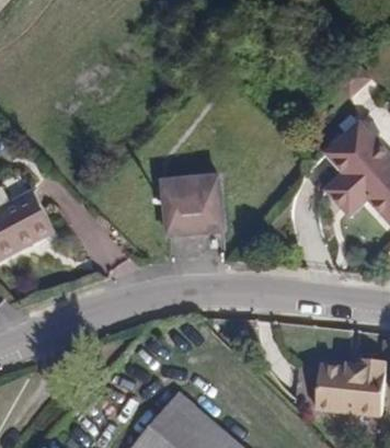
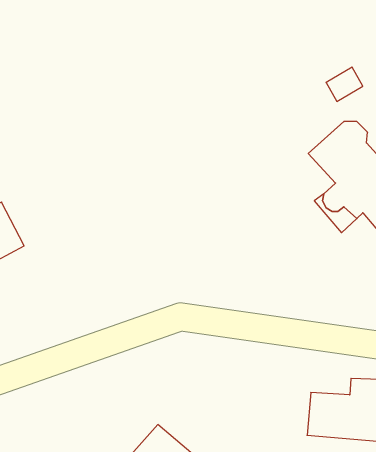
building: [162,175,222,238] -> none

